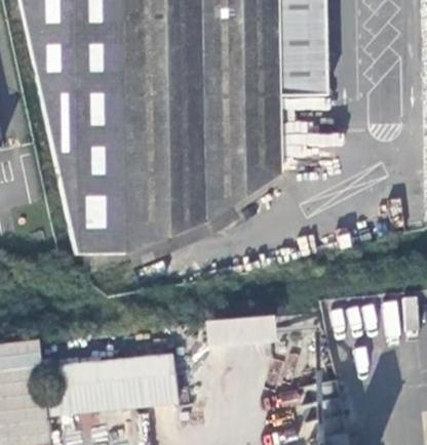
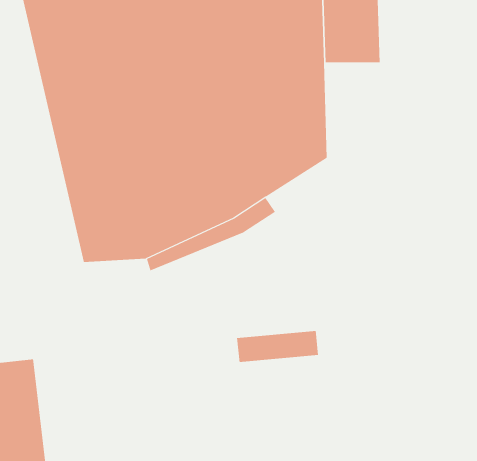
building: [46,353,179,415] -> none

